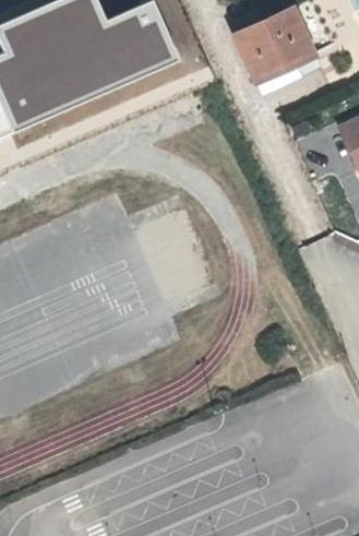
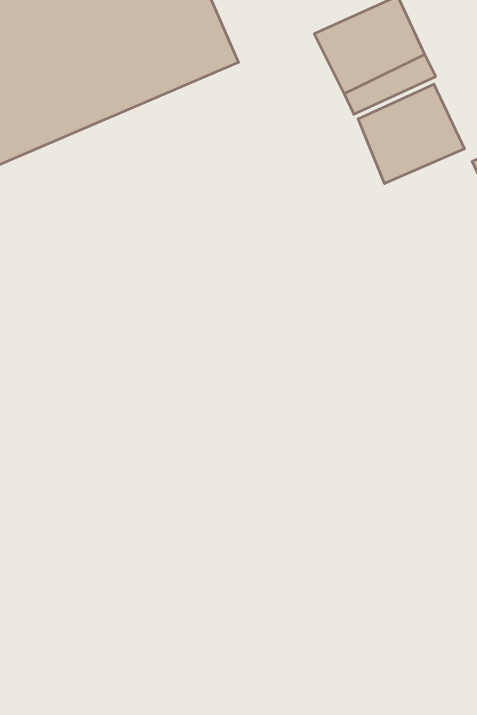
building: none -> [358,84,464,184]

